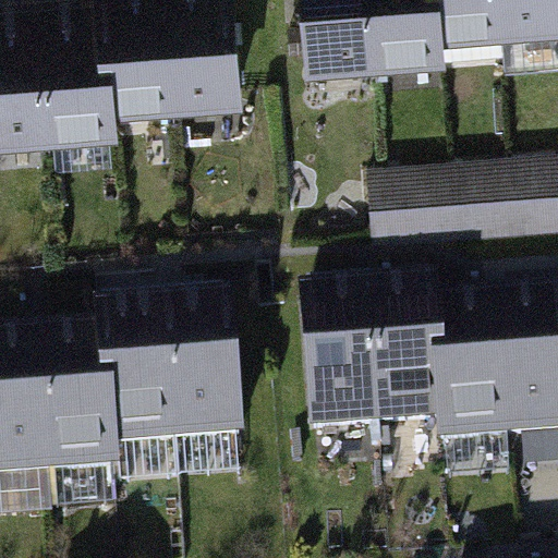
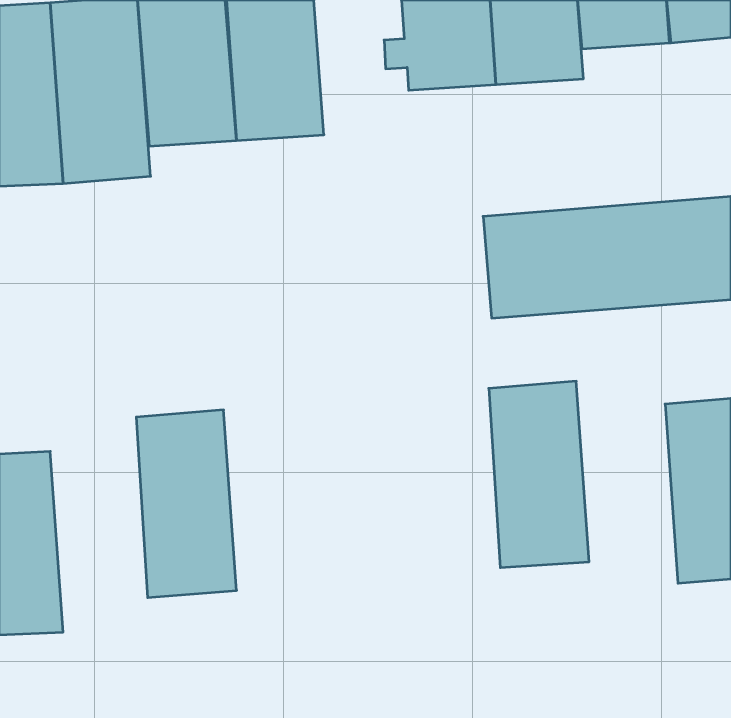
building: [304,305,380,448] -> none
building: [170,318,246,460] -> none
building: [439,318,515,460] -> none
building: [38,350,114,492] -> none

